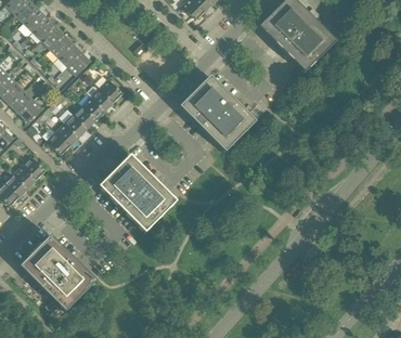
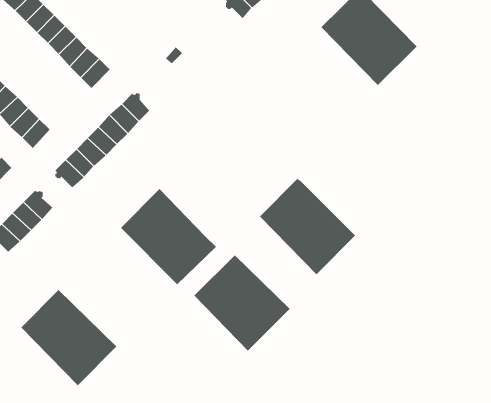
building: [178,75,255,152] -> [259,178,356,275]
building: none -> [194,254,291,351]

